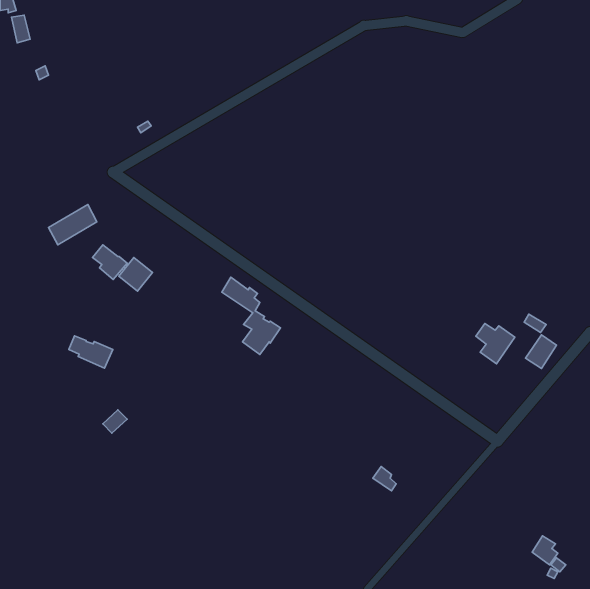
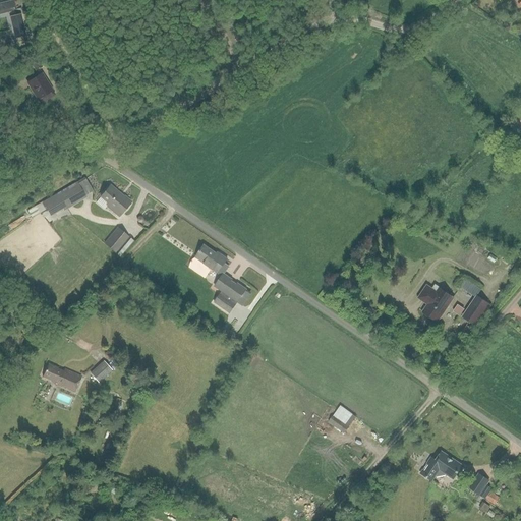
building: none -> [28,74,54,103]
building: [93,245,127,279] -> [101,185,131,216]
building: [69,336,113,368] -> [43,363,81,392]
building: none -> [420,451,462,480]

